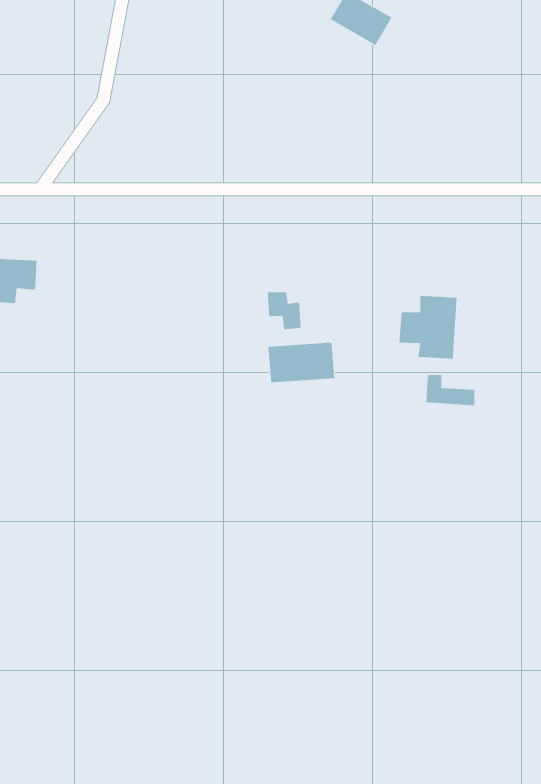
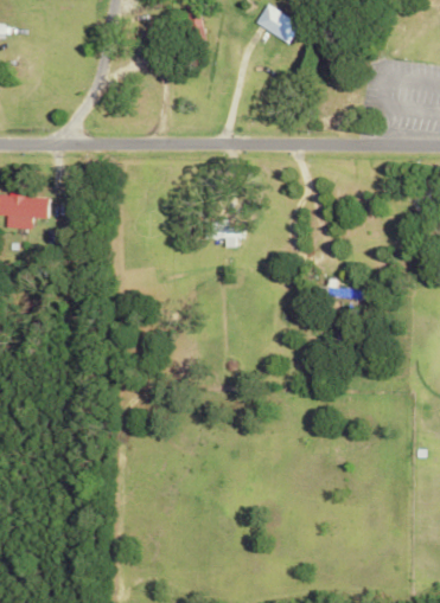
building: [399,295,457,359] -> none
building: [268,342,335,383] -> none

